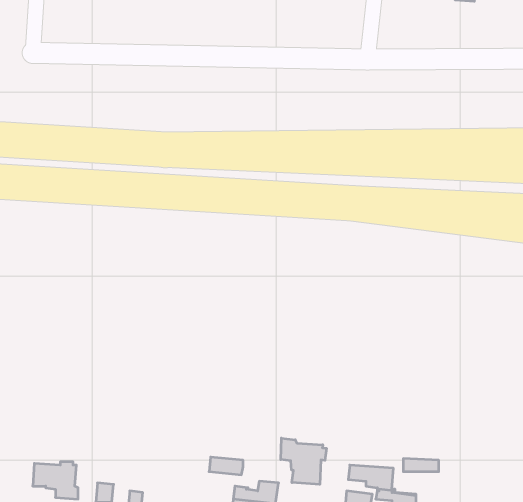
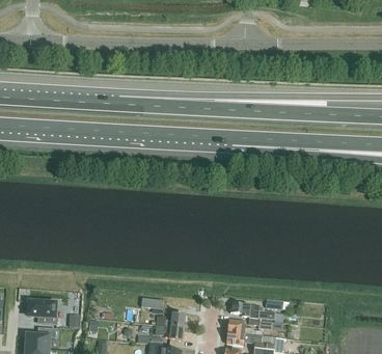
building: [281,438,326,484] -> none

